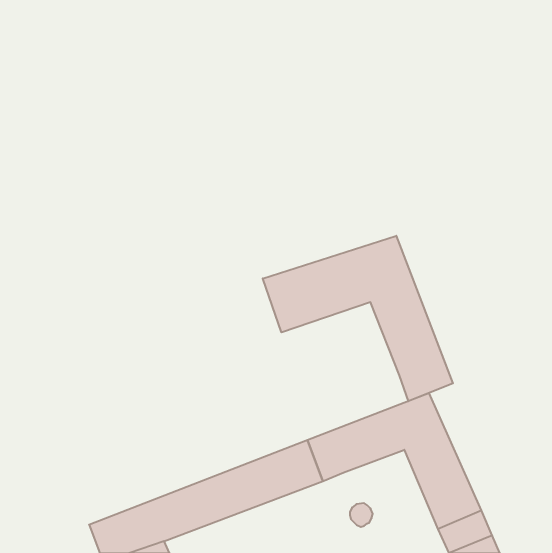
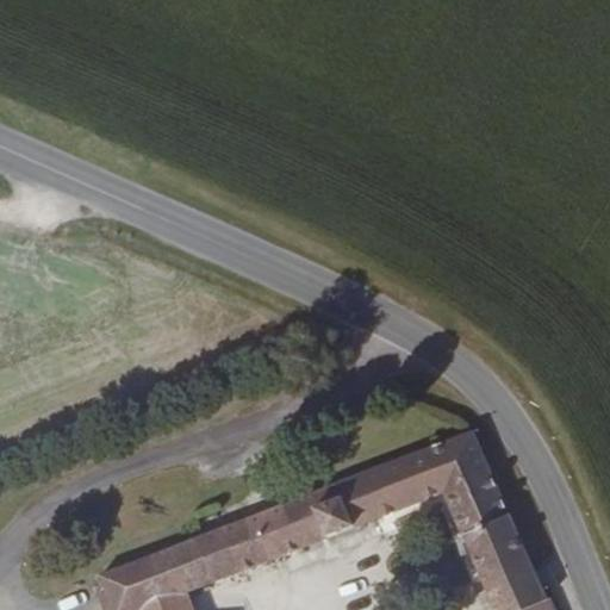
building: [263,236,453,401] -> none

